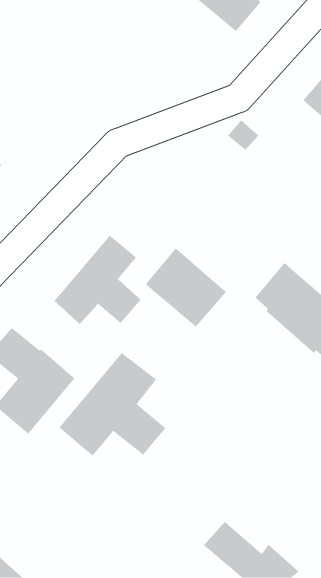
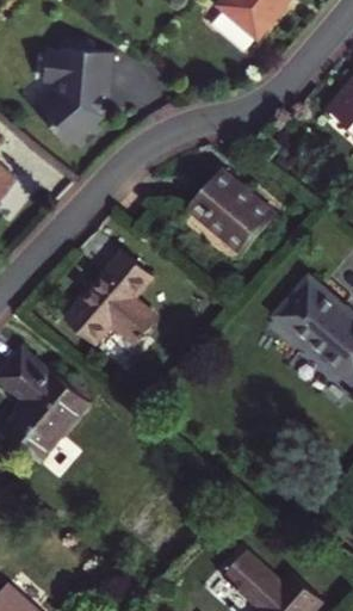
building: none -> [38,35,112,143]
building: [145,248,227,327] -> [188,169,274,253]
building: [58,352,166,457] -> none

